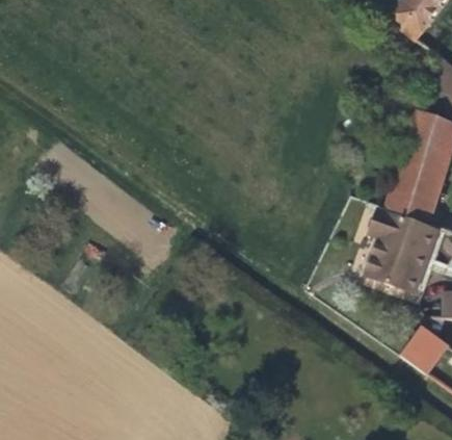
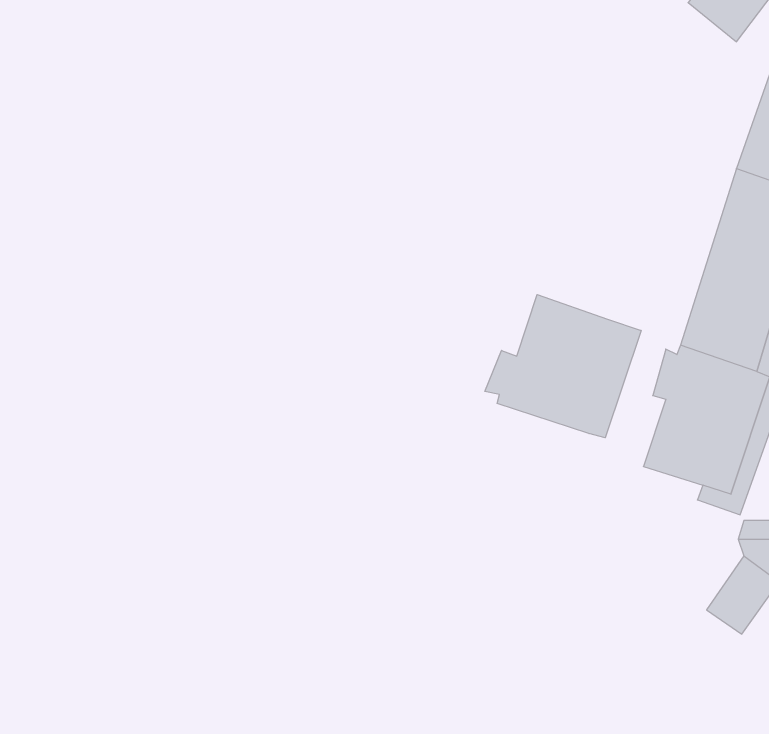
building: none -> [485,295,641,438]

